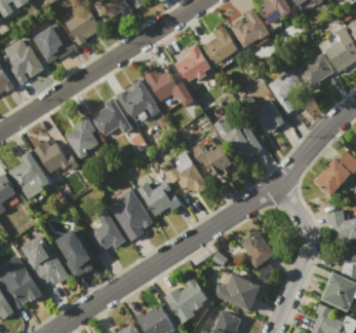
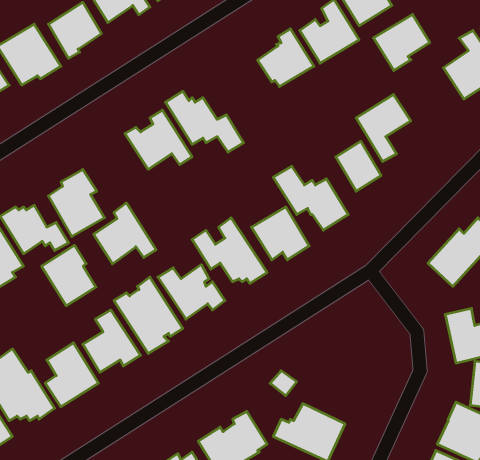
building: [175,44,213,81] -> none
building: [296,53,333,90] -> [373,14,430,71]
building: [91,97,132,137] -> [94,203,156,264]
building: none -> [42,245,96,306]
building: [241,232,276,268] -> none

